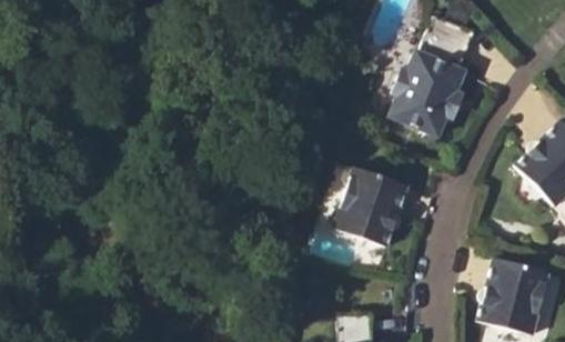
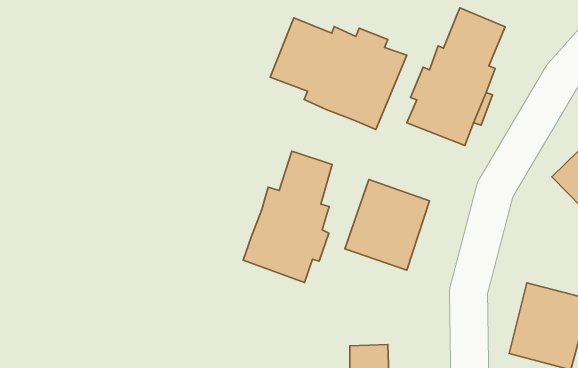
building: none -> [270,18,407,130]
building: none -> [243,151,332,282]

